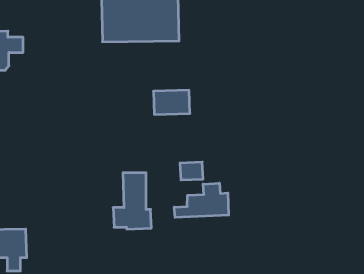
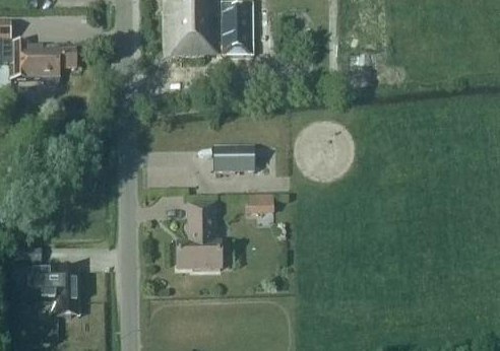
building: [153,90,190,114] -> [212,146,254,173]
building: [174,183,229,217] -> none

